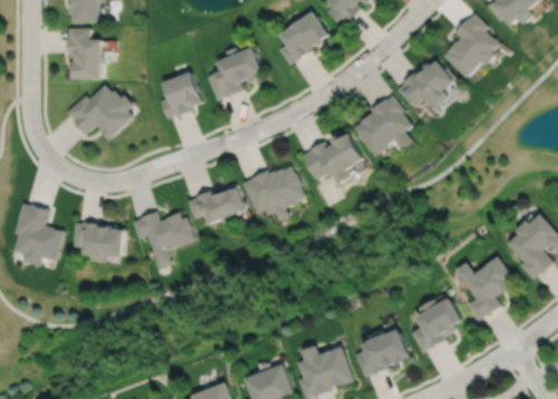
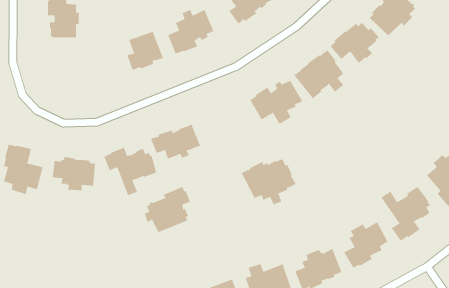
building: [66,86,131,142] -> none
building: [241,164,305,218] -> [241,158,296,205]
building: none -> [144,186,190,233]

